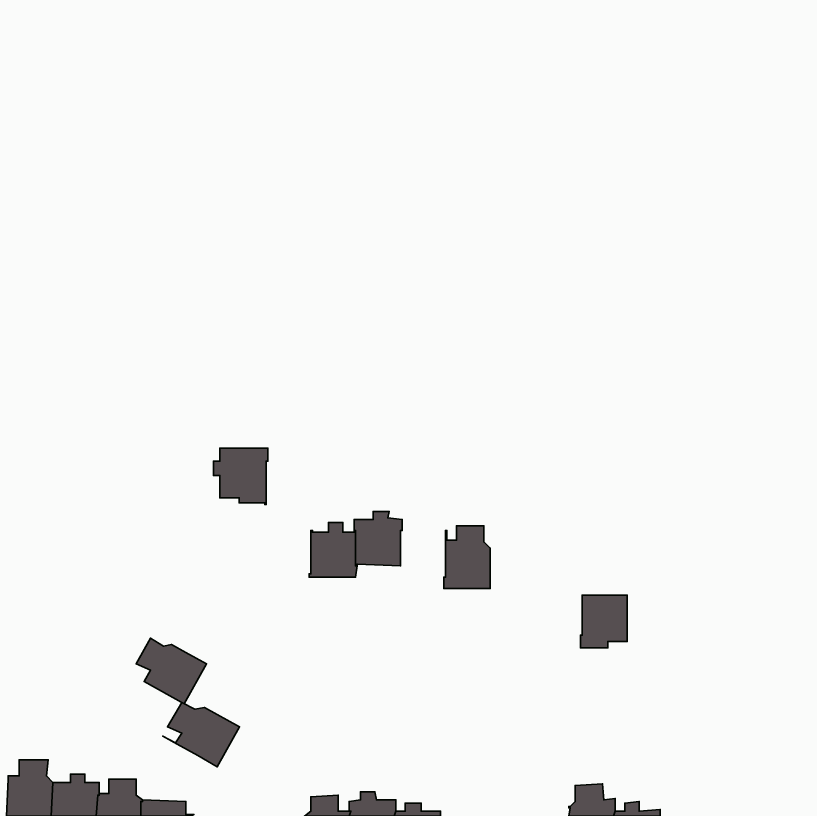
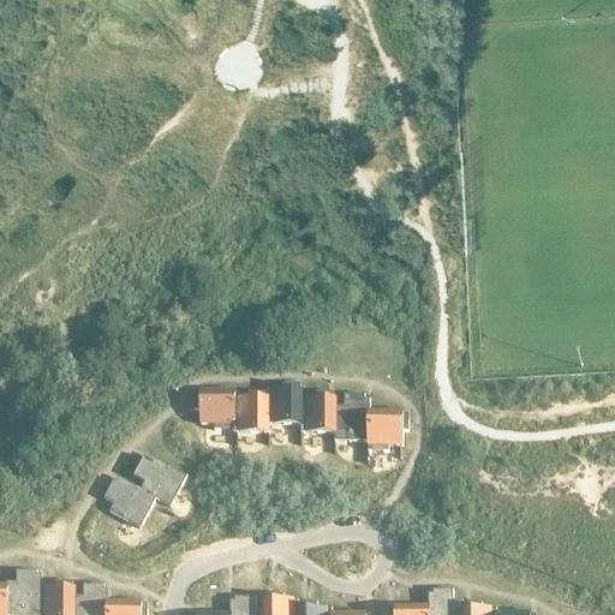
building: [213,448,268,504] -> [193,388,234,430]
building: none -> [300,392,334,432]
building: [581,595,627,648] -> [366,411,401,450]
building: [163,703,240,767] -> [129,458,186,506]

